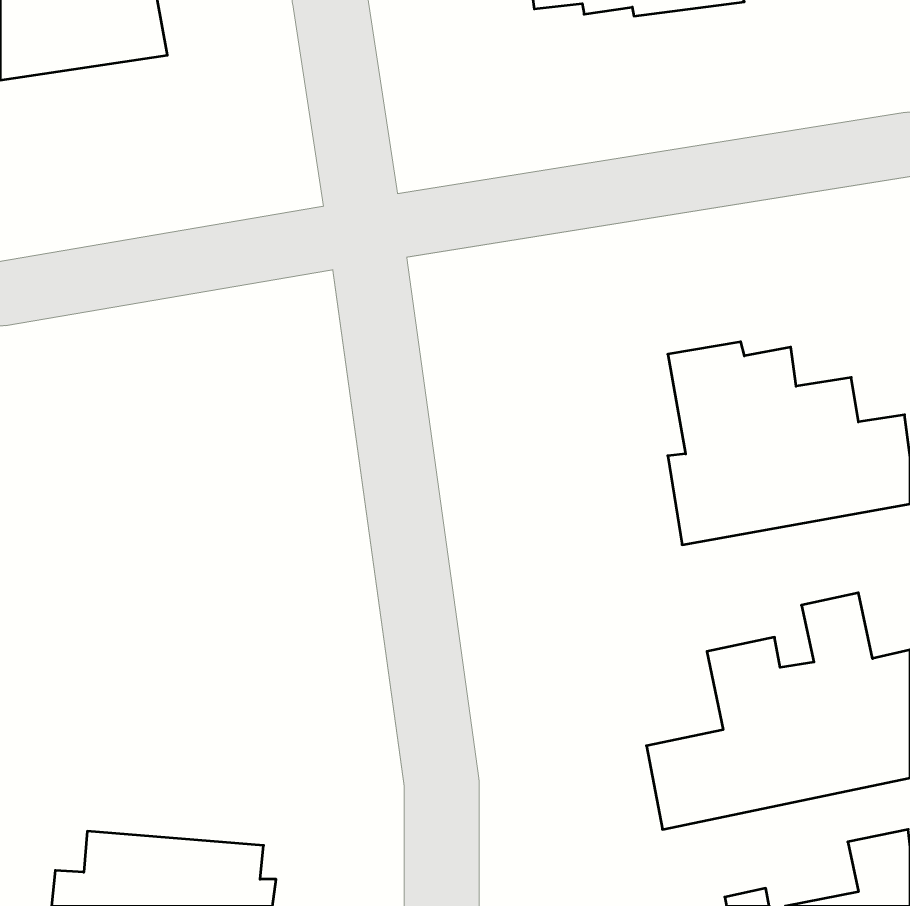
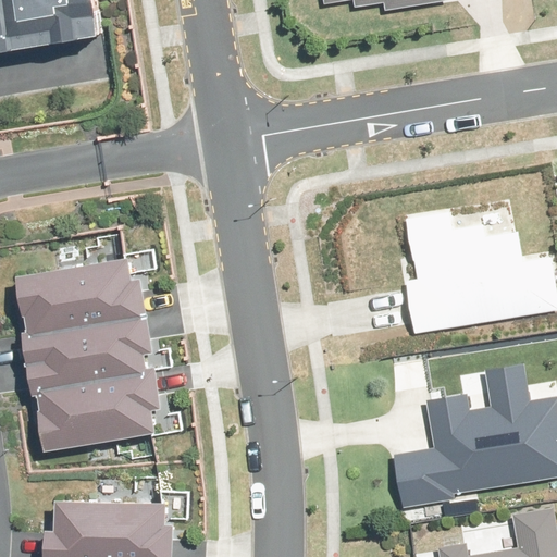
building: none -> [15,261,157,450]

